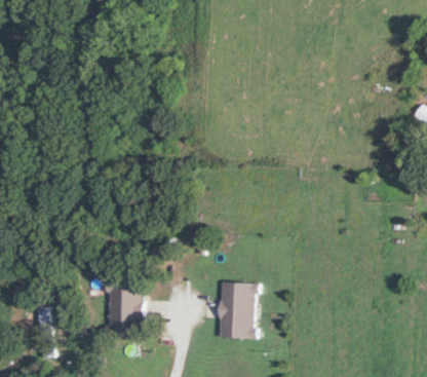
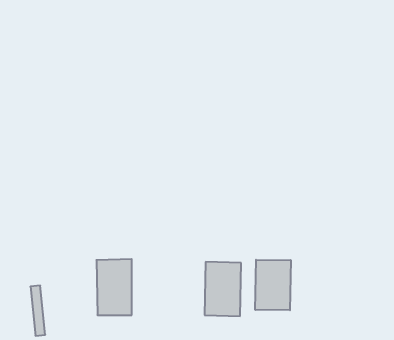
building: none -> [255,260,291,310]

